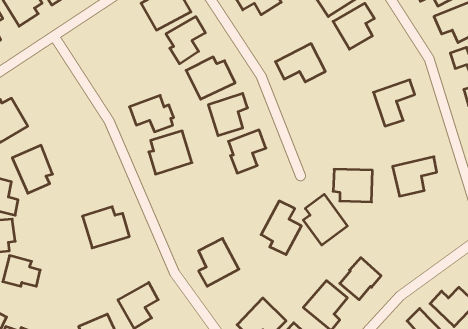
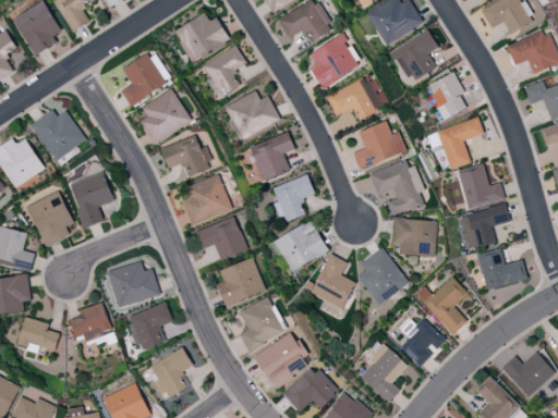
building: none -> [310,35,360,88]
building: none -> [121,53,167,106]
building: none -> [426,72,465,120]
building: none -> [141,89,191,143]
building: none -> [32,110,86,161]
building: none -> [352,122,405,169]
building: none -> [369,160,424,216]
building: none -> [68,161,112,228]
building: none -> [458,167,504,209]
building: none -> [195,217,247,261]
building: none -> [272,220,328,272]
building: none -> [477,250,527,290]
building: none -> [216,258,265,307]
building: none -> [415,276,468,334]
building: none -> [126,302,172,352]
building: none -> [69,303,111,341]
building: none -> [254,333,310,389]

